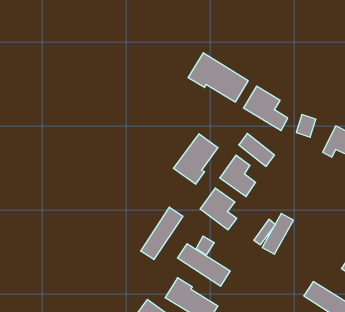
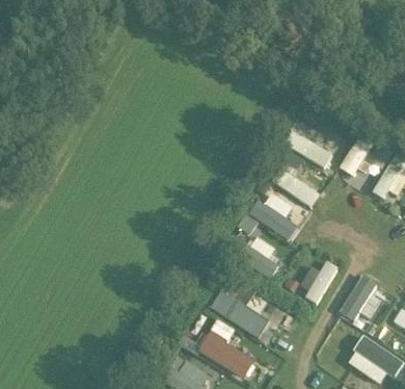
building: [188,53,248,102] -> none
building: [173,134,218,184] -> none
building: [141,207,183,260] -> none
building: none -> [338,273,379,320]

